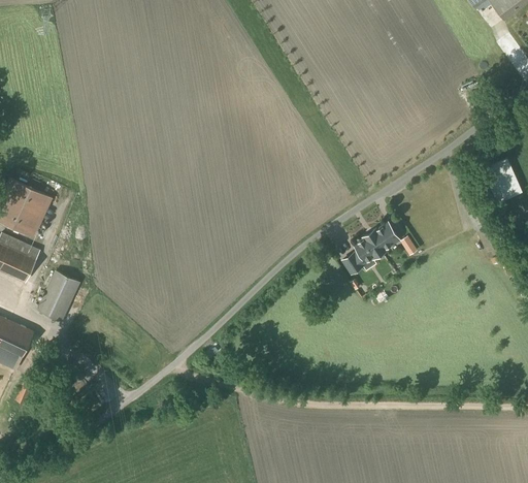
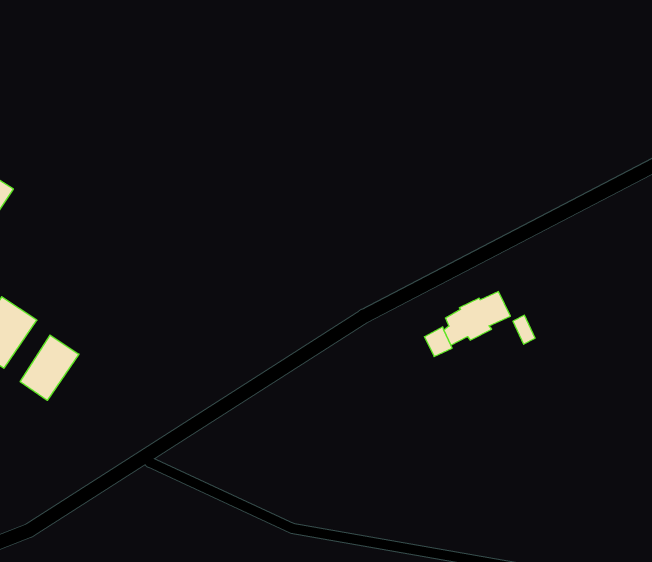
building: none -> [20,335,79,400]

